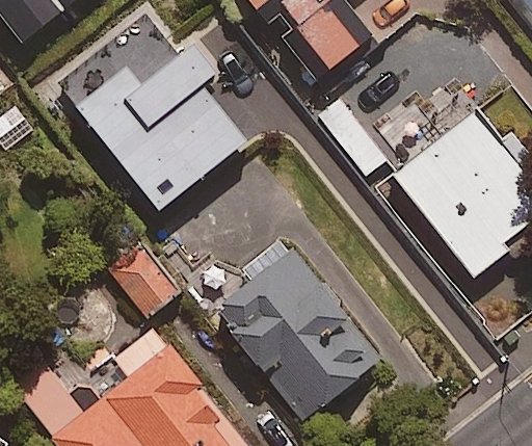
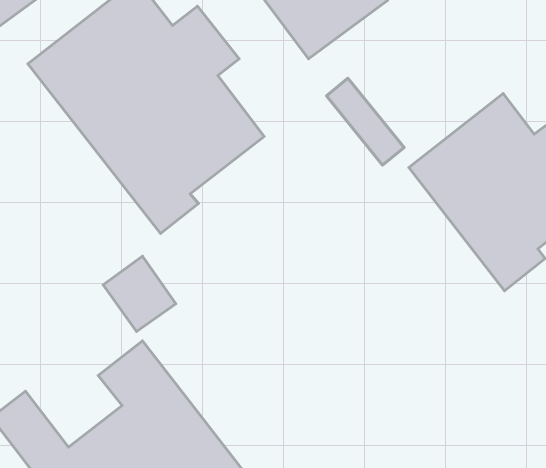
building: [221,231,381,419] -> none

